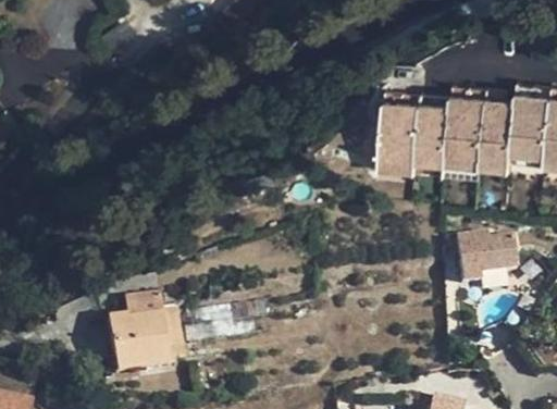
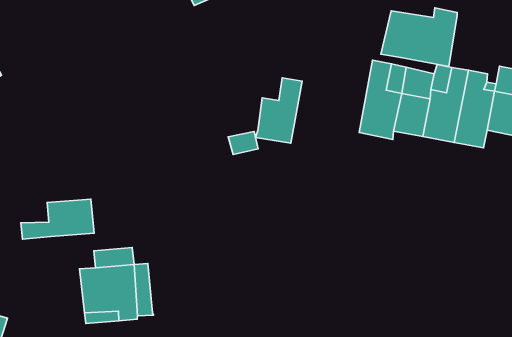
building: none -> [381,8,457,67]
building: none -> [256,78,302,143]
building: [448,241,510,289] -> none
building: none -> [21,199,94,239]

